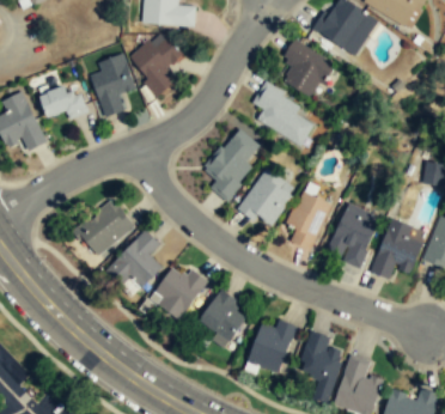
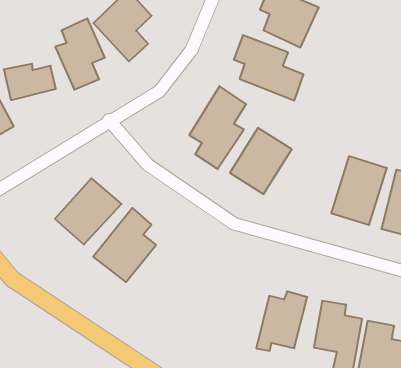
building: [287,191,331,251] -> none
building: [148,264,209,319] -> none
building: [197,290,250,345] -> none

